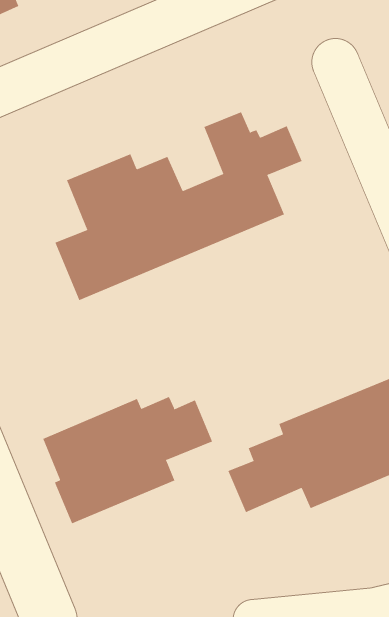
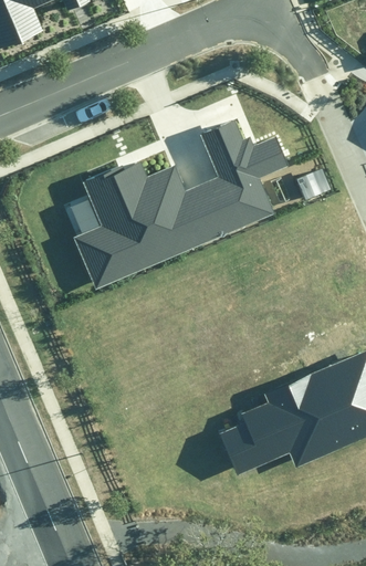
building: [43,396,213,524] -> none

